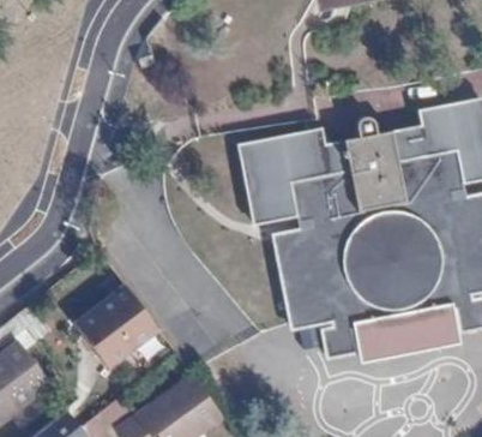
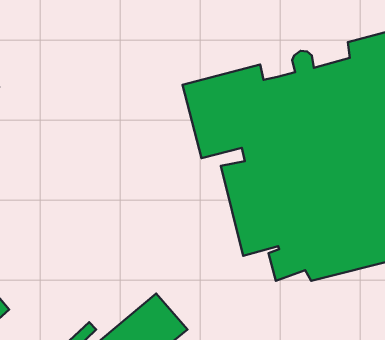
building: [65,283,152,371] -> none

